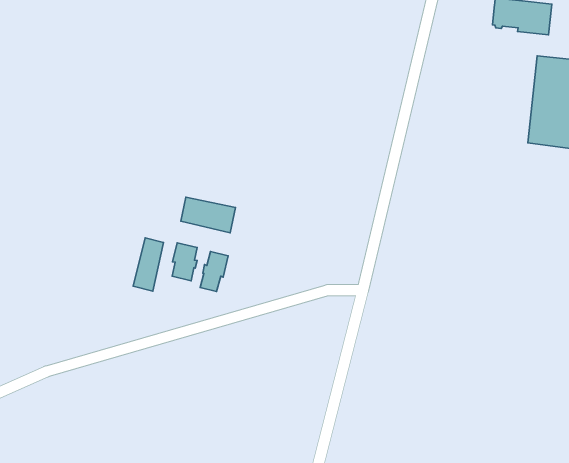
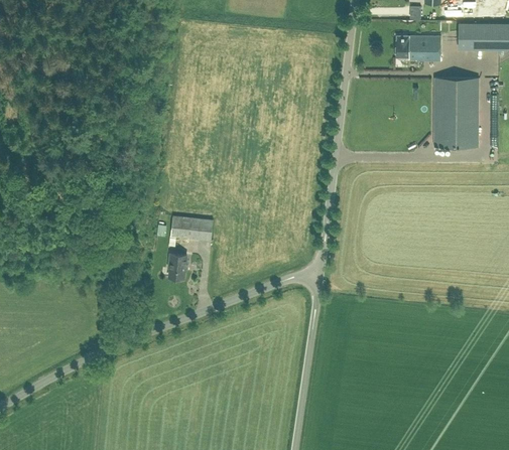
building: [133,238,164,291] -> none
building: [200,251,228,292] -> none

